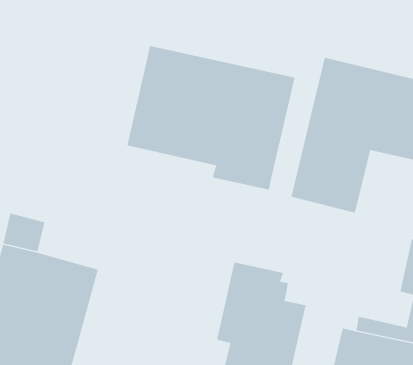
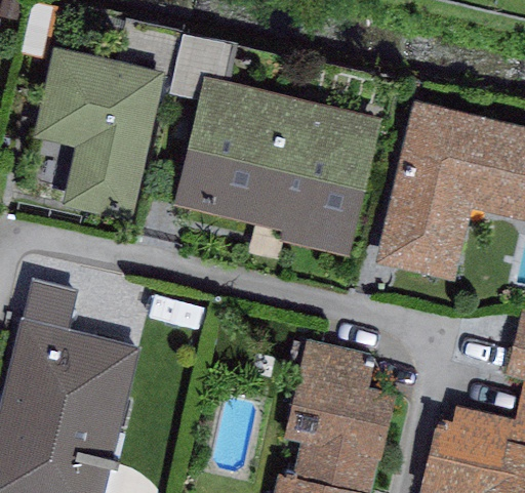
building: none -> [31,44,165,220]

